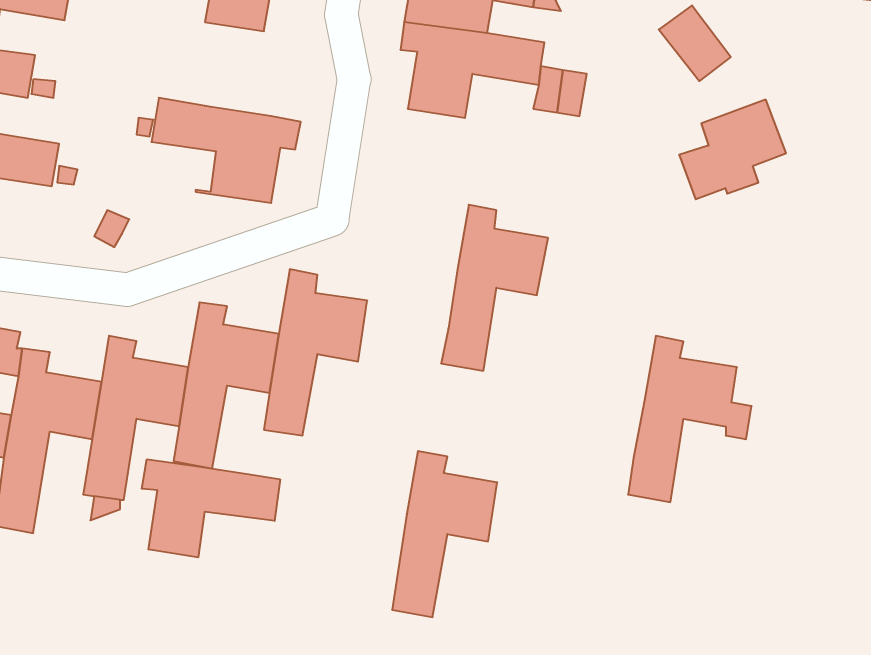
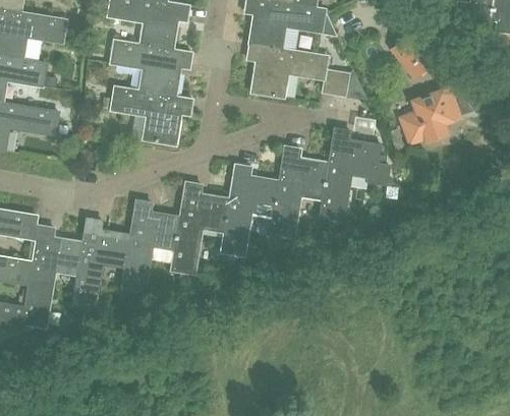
building: none -> [110,40,191,97]
building: [628,336,752,502] -> [320,128,388,220]
building: [392,451,497,617] -> [221,164,279,255]
building: [142,459,280,557] -> none

